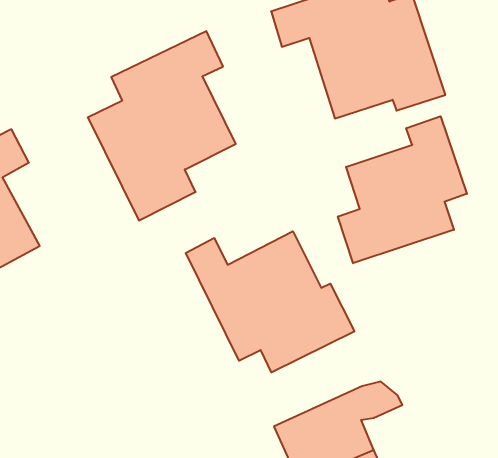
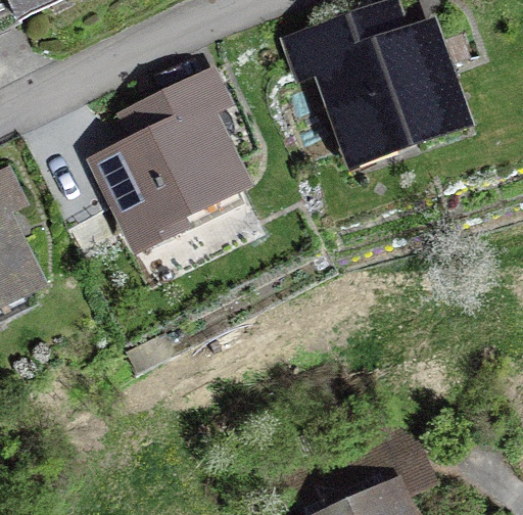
building: [338,116,467,263] -> none
building: [186,231,354,372] -> none

